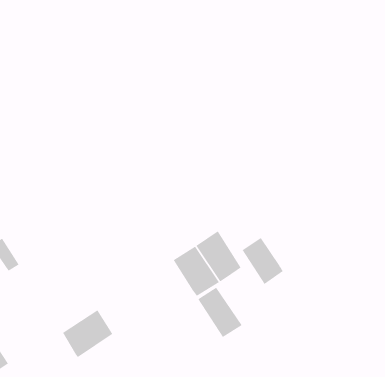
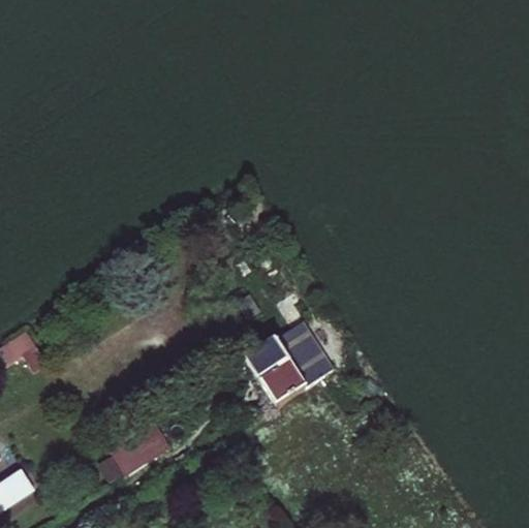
building: [242,237,284,285] -> none
building: [198,287,242,338] -> none

